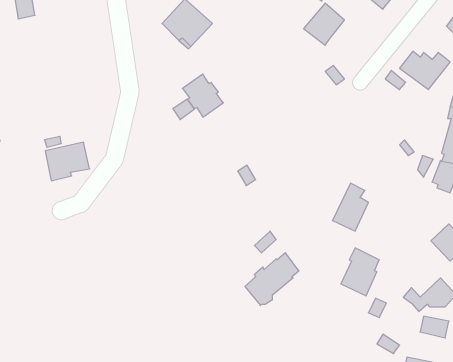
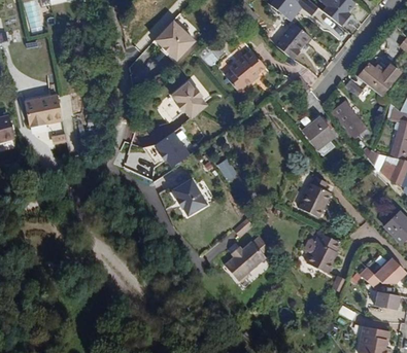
building: none -> [225,49,264,92]
building: none -> [330,101,370,141]
building: none -> [302,116,335,149]
building: none -> [157,133,195,173]
building: [45,142,90,181] -> [24,98,62,131]
building: none -> [169,180,204,218]

